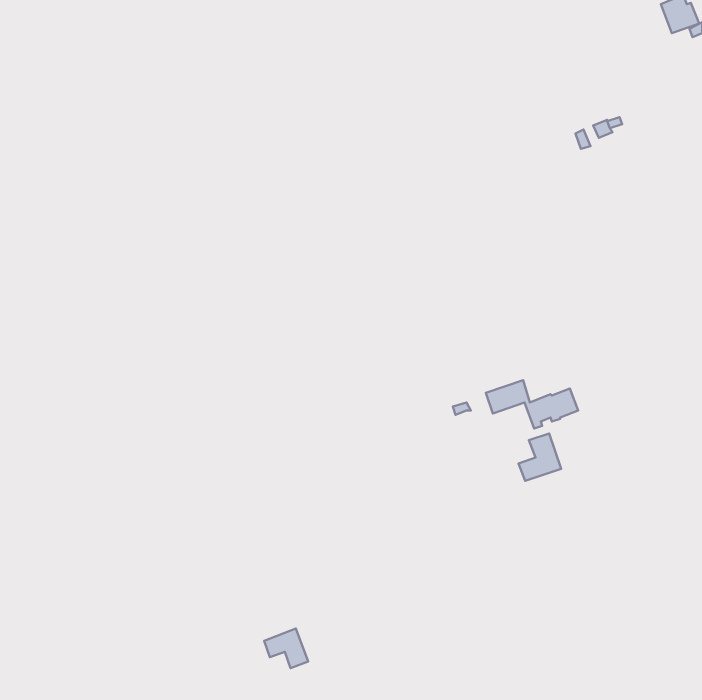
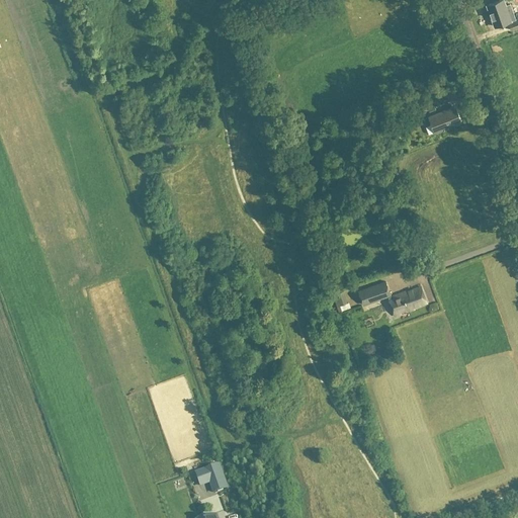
building: none -> [424,104,459,133]
building: [519,434,561,481] -> none

